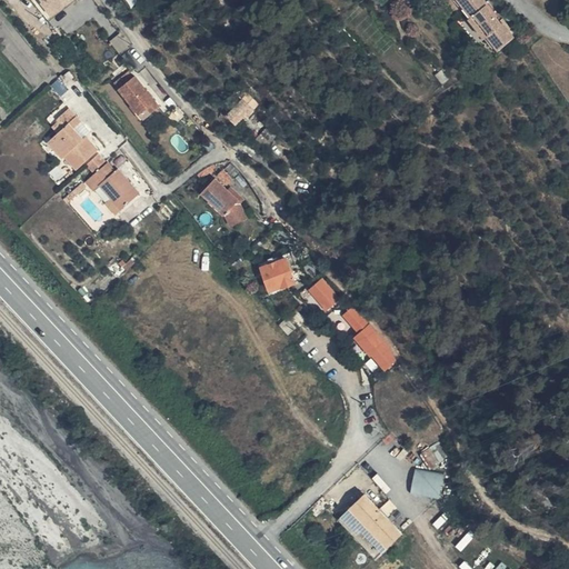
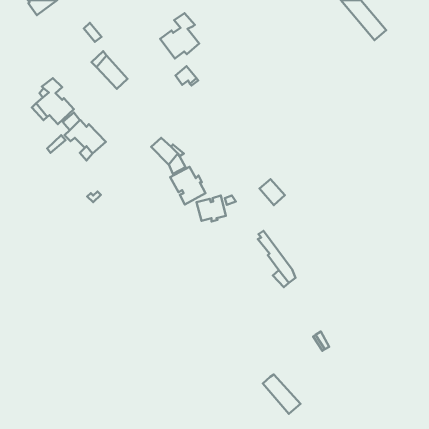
building: none -> [160,13,199,59]
building: none -> [170,167,205,205]
building: [309,276,342,310] -> [260,179,285,205]
building: [412,468,445,497] -> none
building: [335,508,382,559] -> none

